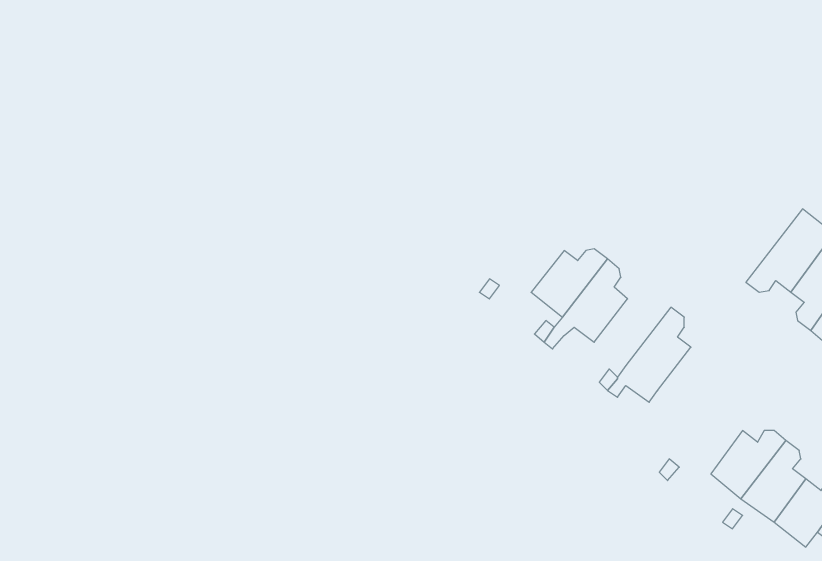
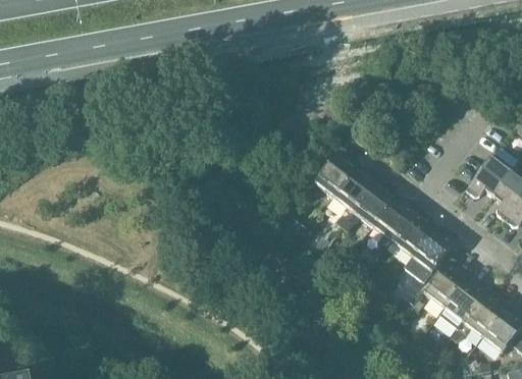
building: none -> [313,148,354,198]
building: none -> [372,202,419,242]
building: none -> [404,231,459,283]
building: none -> [423,258,463,309]

